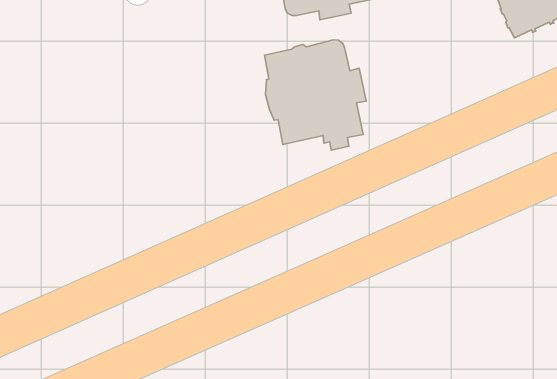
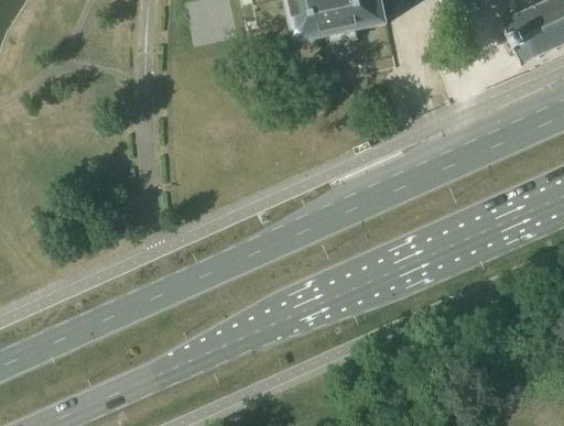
building: [264,40,366,150] -> none

